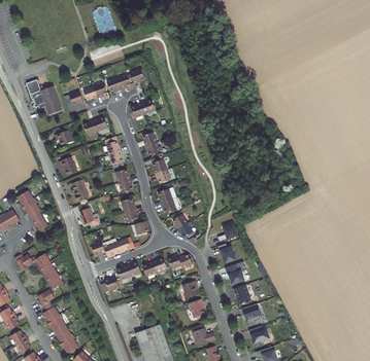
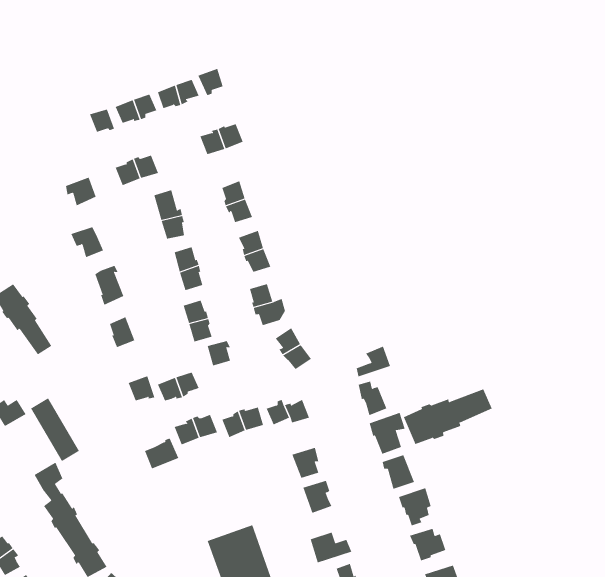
building: [26,80,61,115] -> none
building: none -> [403,389,492,445]

